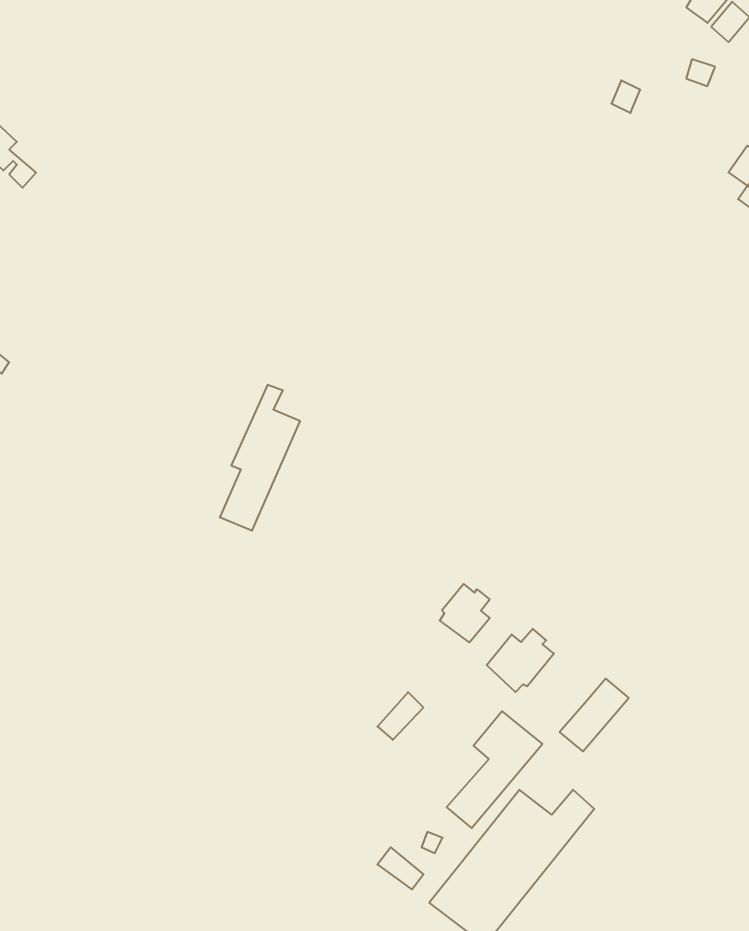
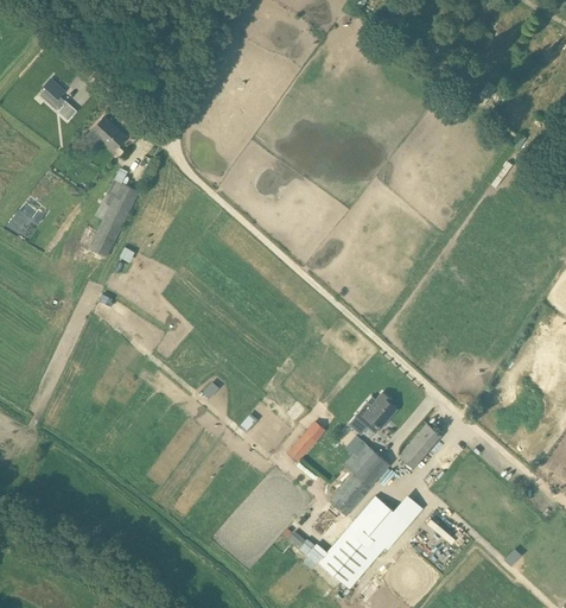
building: none -> [85,116,126,151]
building: [220,385,300,531] -> [89,166,139,256]
building: [440,584,490,642] -> none

